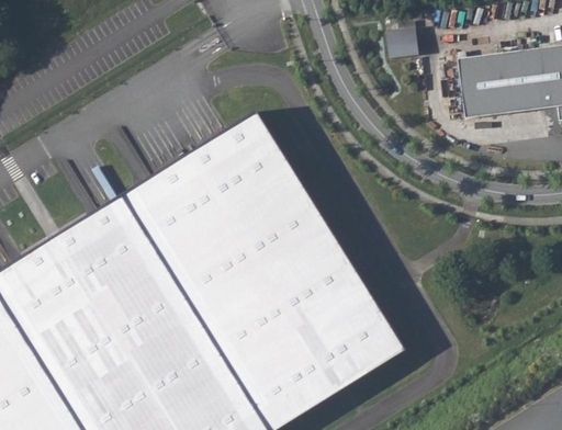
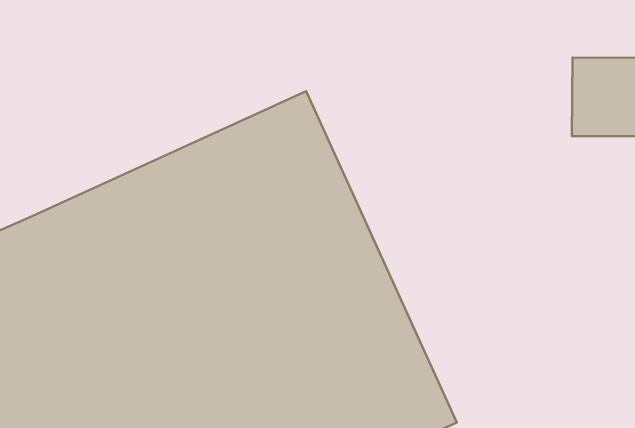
building: [386,27,418,56] -> none

